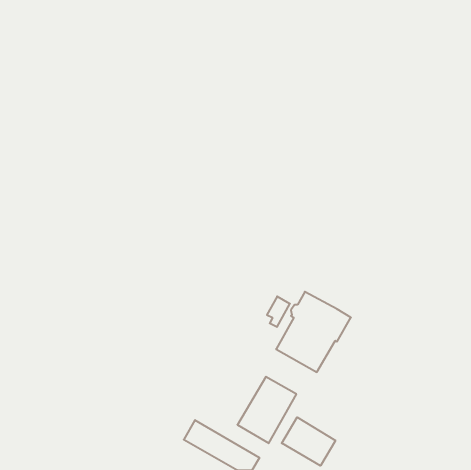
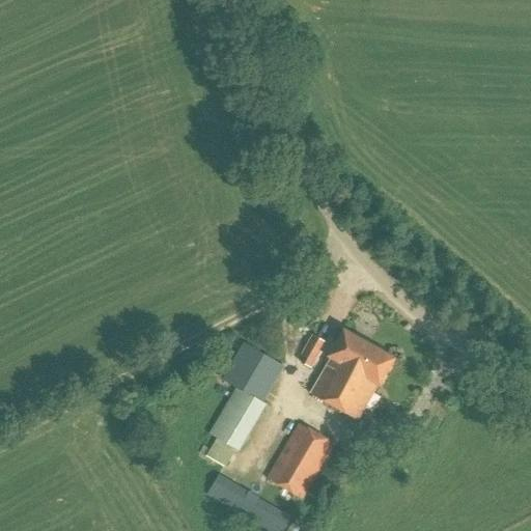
building: none -> [206,340,283,464]
building: [282,417,335,466] -> none

